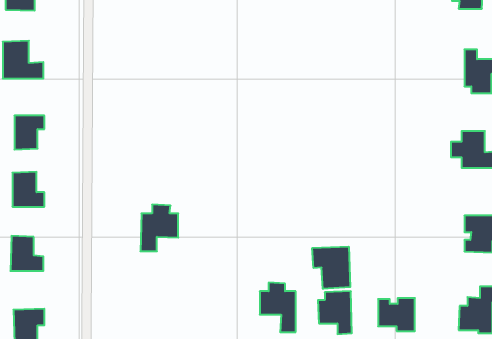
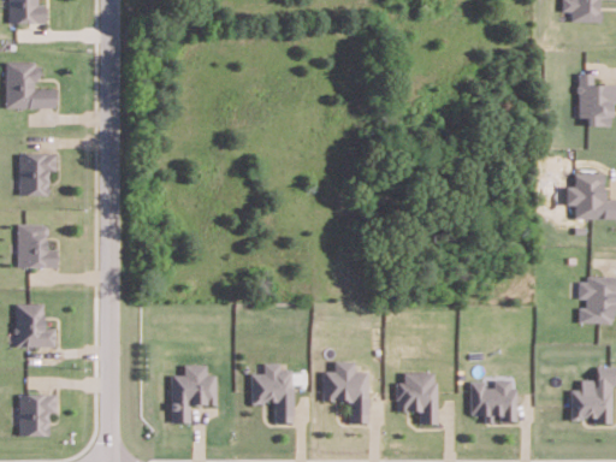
building: [140,205,178,251] -> [170,365,217,422]
building: [312,247,350,289] -> none
building: none -> [251,363,292,422]

